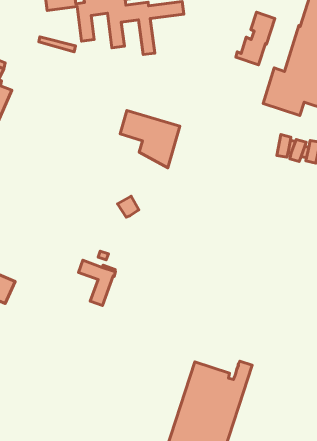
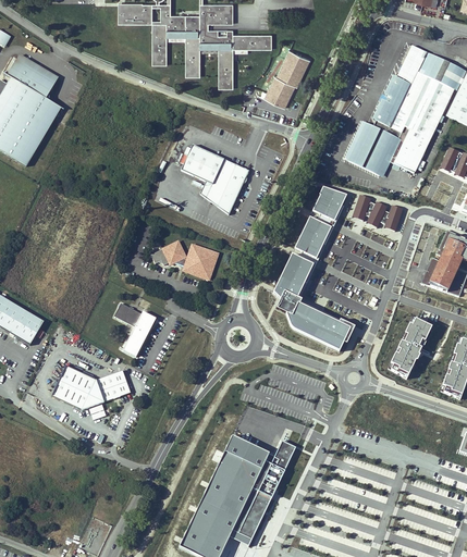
building: [236,12,275,65] -> [260,48,309,107]
building: none -> [274,186,355,351]
building: none -> [189,245,222,277]
building: none -> [52,369,131,412]

